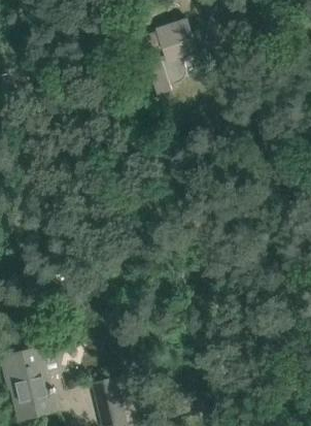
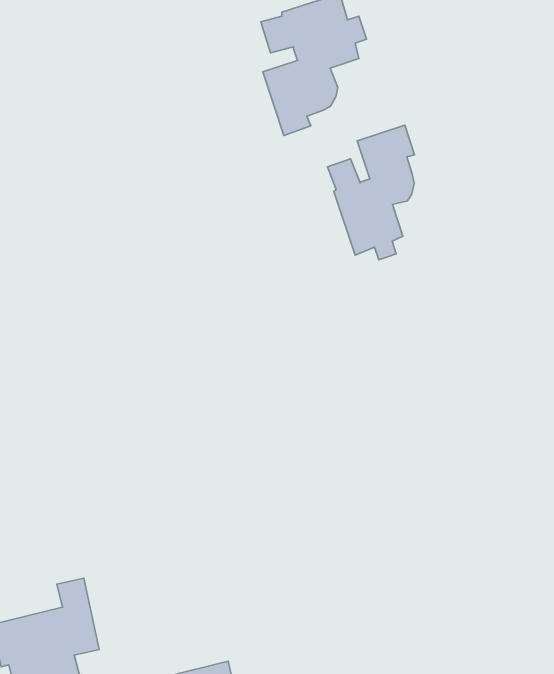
building: none -> [328,125,414,260]

